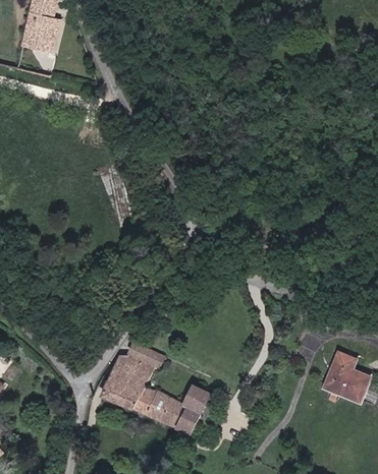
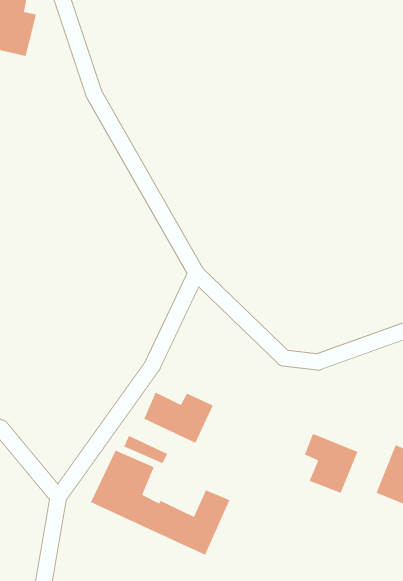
building: none -> [143,392,214,444]
building: none -> [304,433,358,494]

